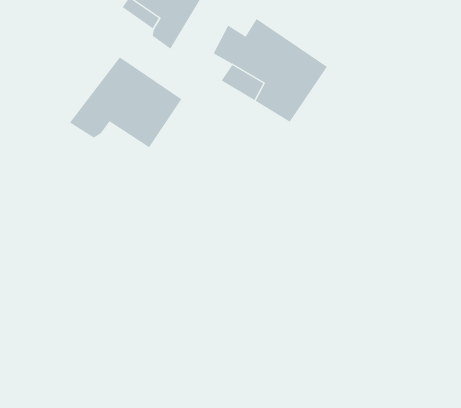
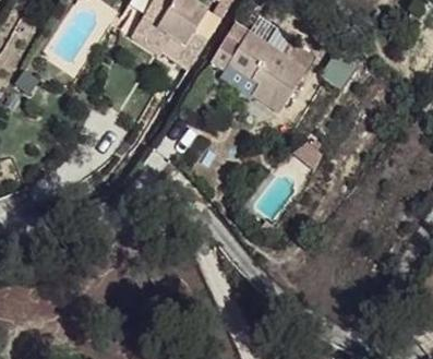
building: [69,57,182,148] -> none

